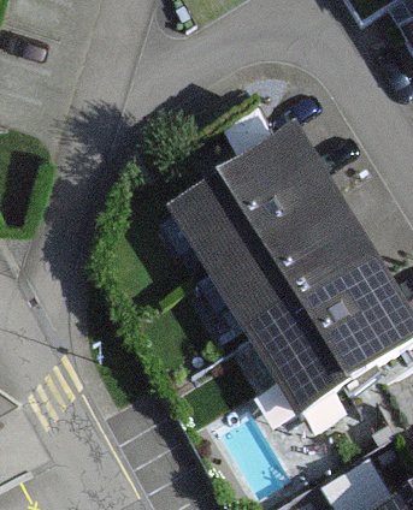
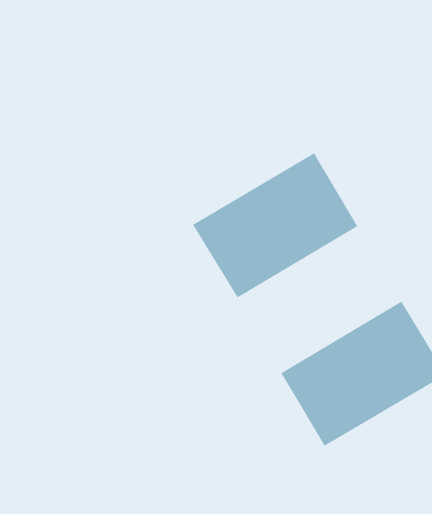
building: [222,210,367,340] -> none

